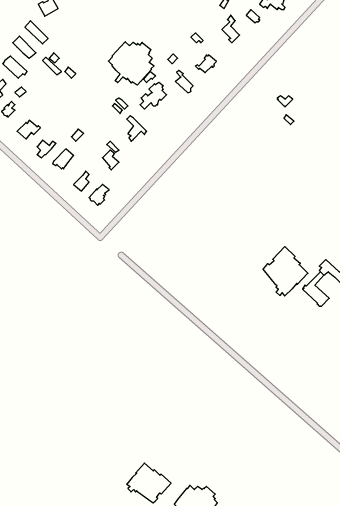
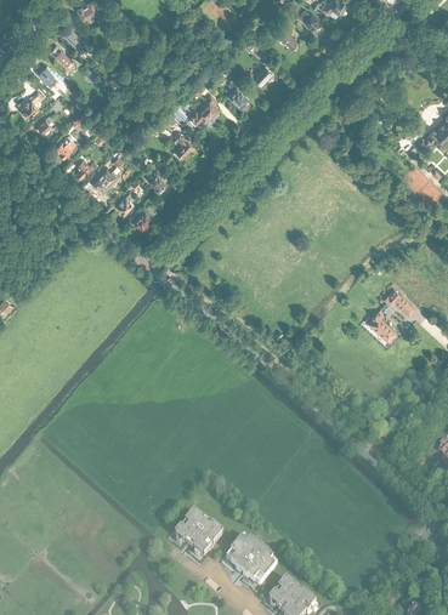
building: [108,42,154,85] -> none
building: [263,247,308,296] -> none

